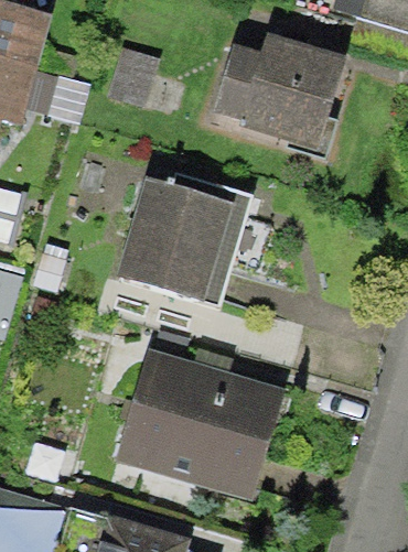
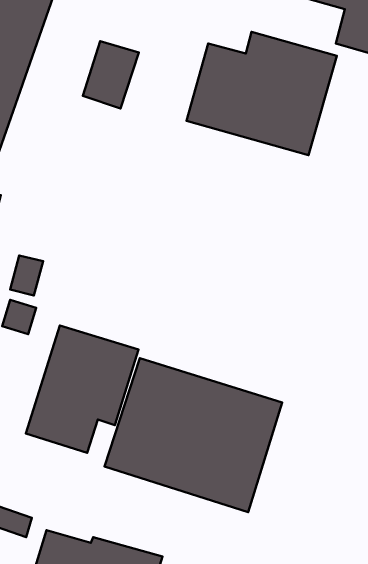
building: [120,178,239,303] -> none
building: none -> [26,326,138,453]

